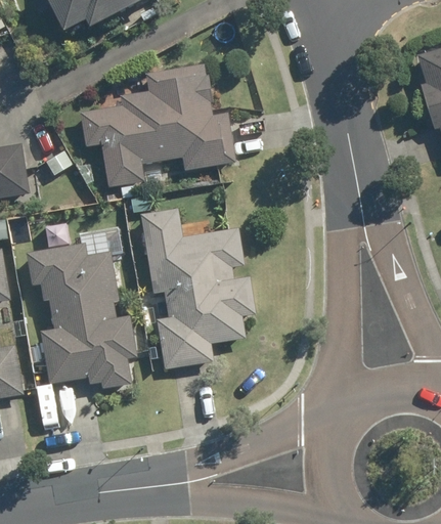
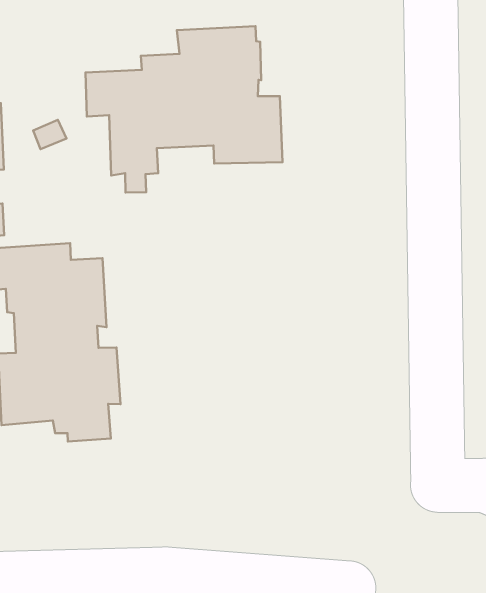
building: [140,209,255,368] -> none

